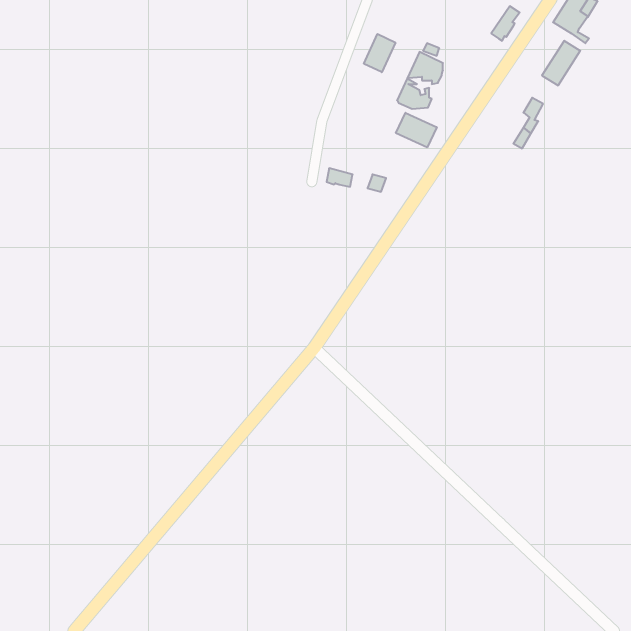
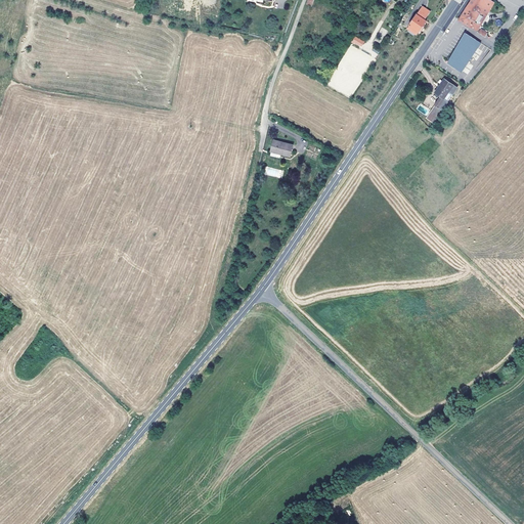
building: [364,34,395,72] -> none
building: [396,113,437,147] -> none

